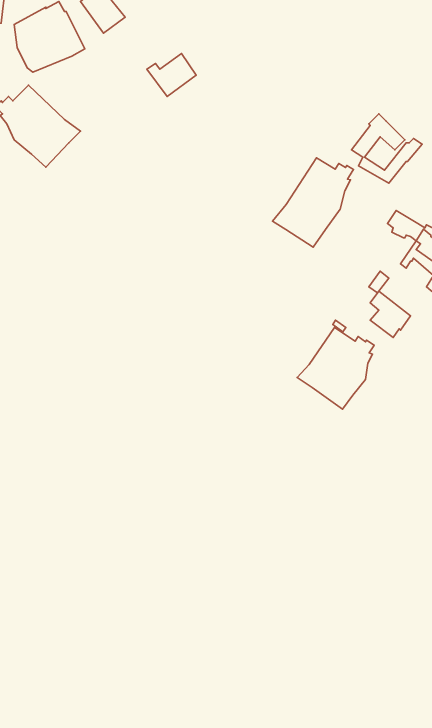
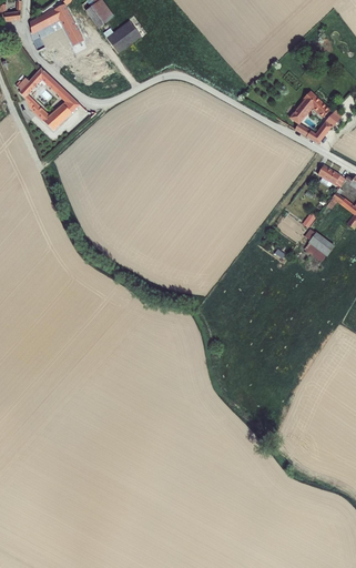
building: [147,53,196,97] -> [103,20,141,53]
building: [272,158,354,247] -> none
building: [297,327,374,409] -> none

